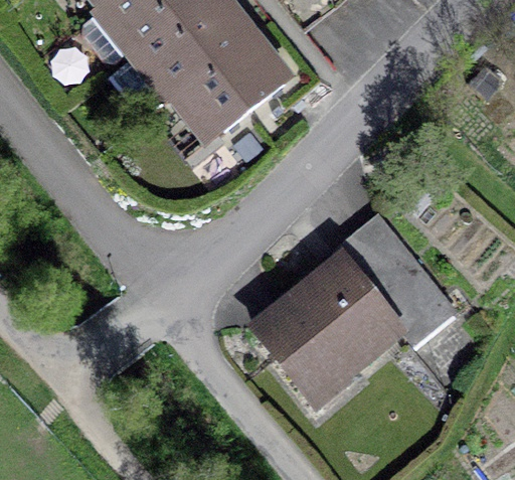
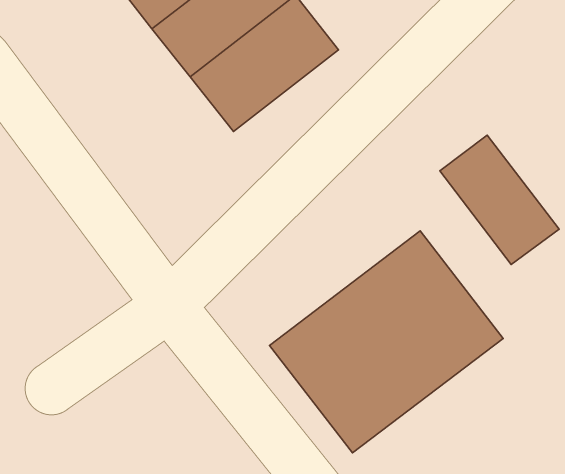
building: none -> [440,135,559,265]

